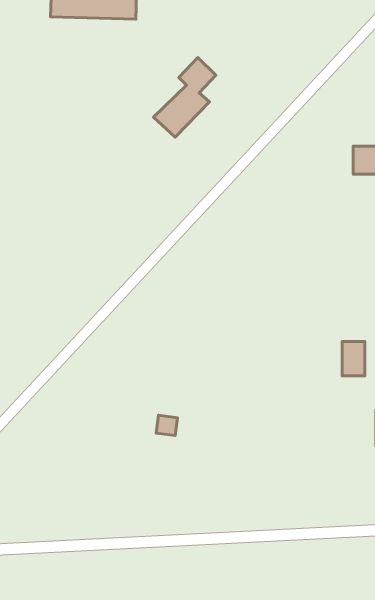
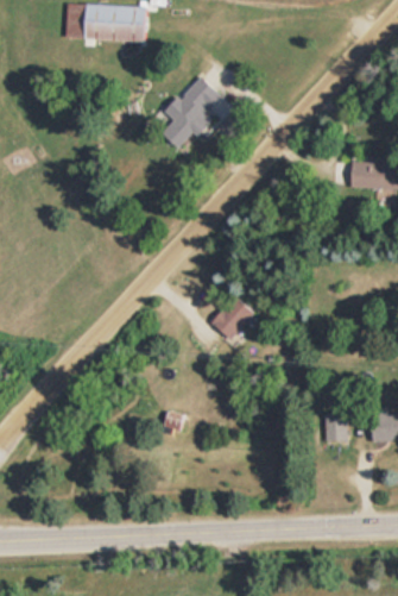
building: none -> [210,297,254,341]
building: [342,342,365,376] -> [327,409,348,441]

